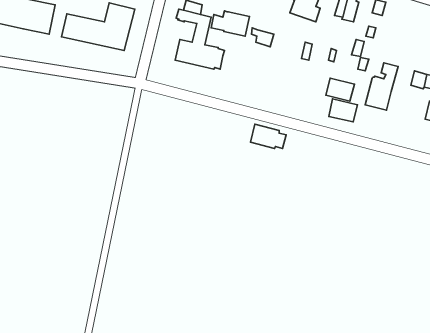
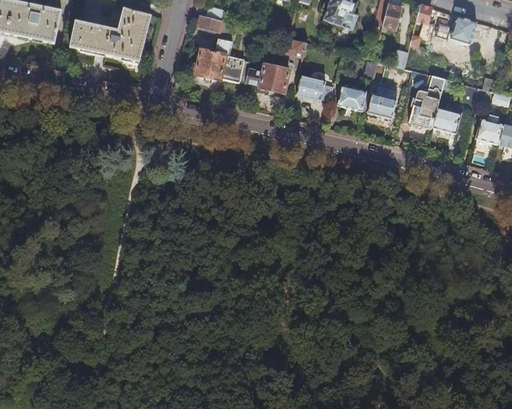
building: none -> [440,15,476,44]
building: [211,11,250,36] -> [246,63,289,91]
building: none -> [431,107,461,139]
building: [329,99,358,122] -> [337,85,369,111]
building: [250,124,286,148] -> [293,74,333,101]

